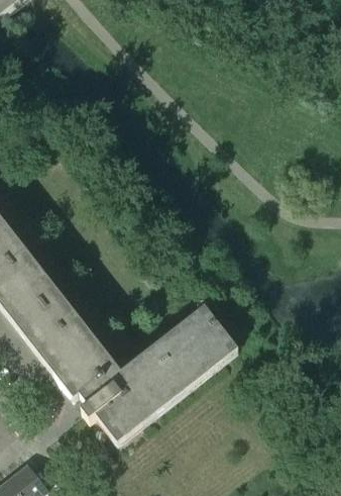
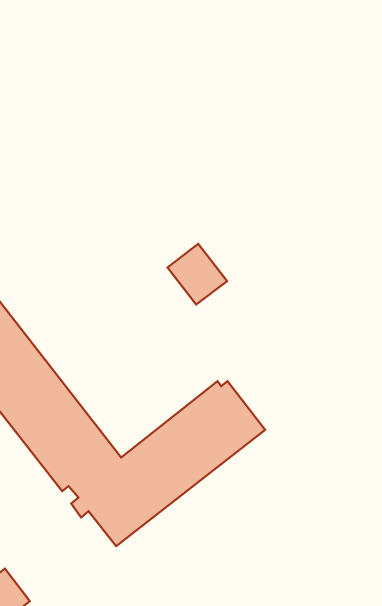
building: none -> [167,244,227,305]

